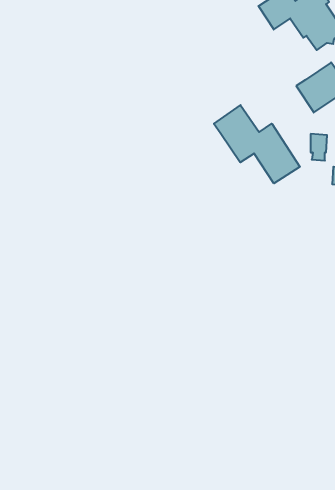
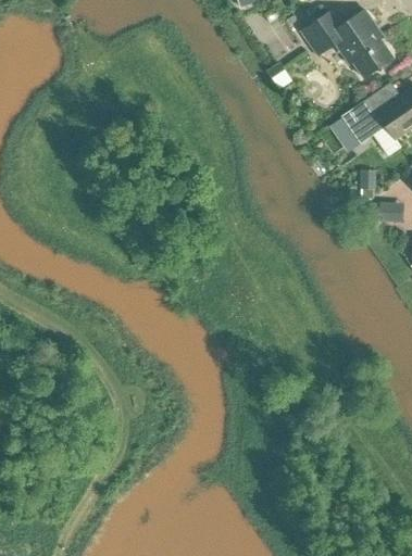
building: [214,105,300,183] -> none

